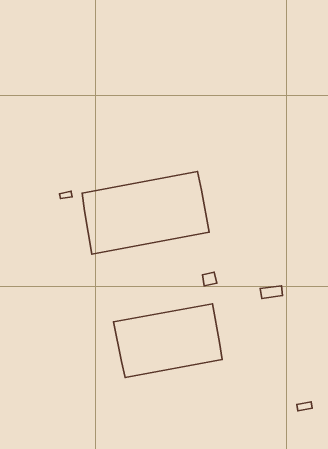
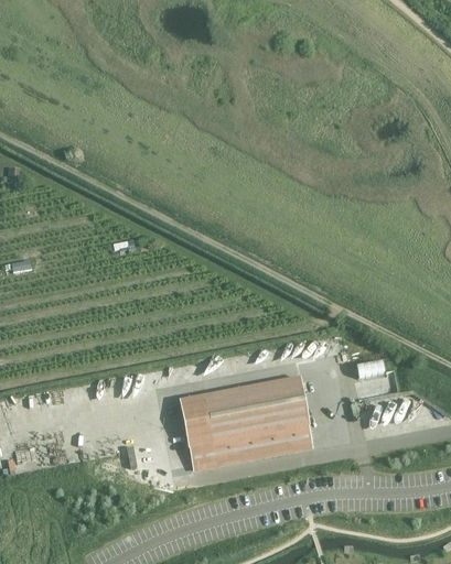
building: [82,172,209,254] -> none

